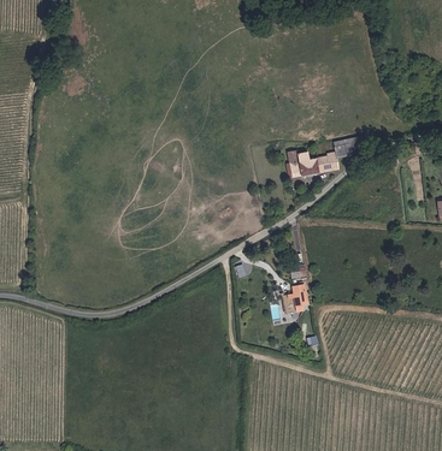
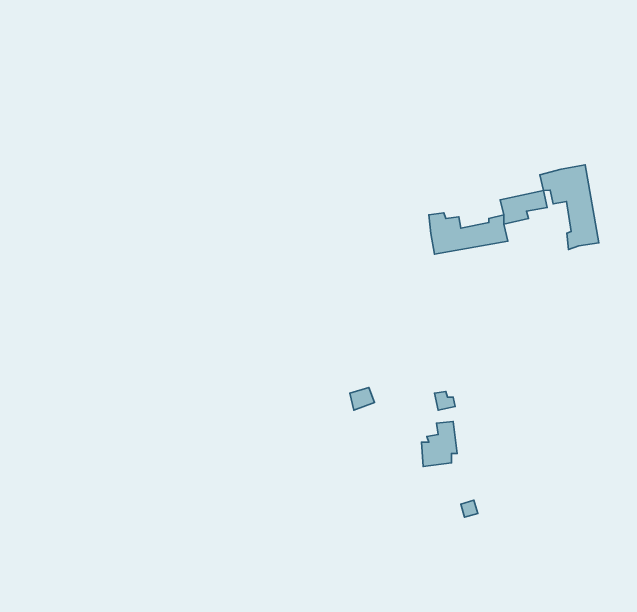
building: none -> [540,165,599,249]

